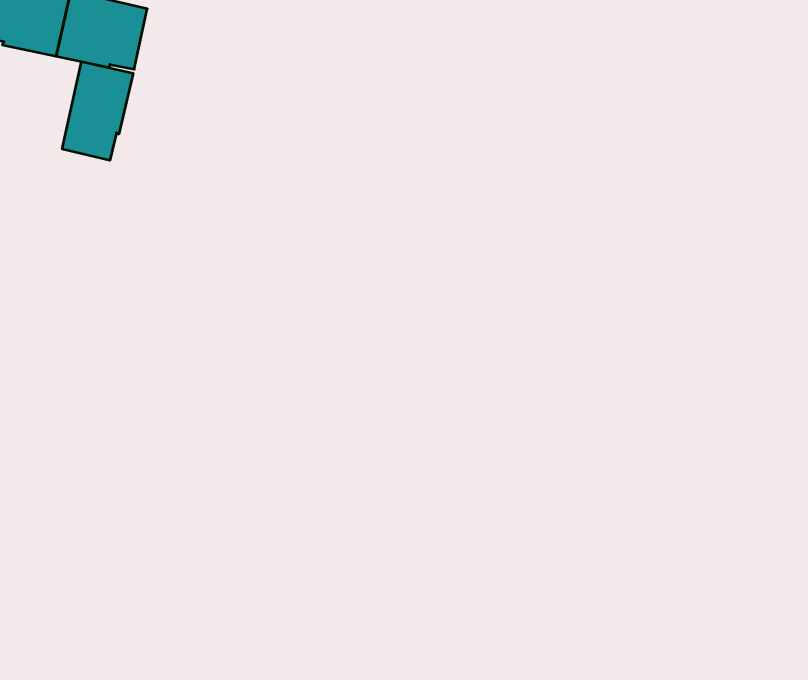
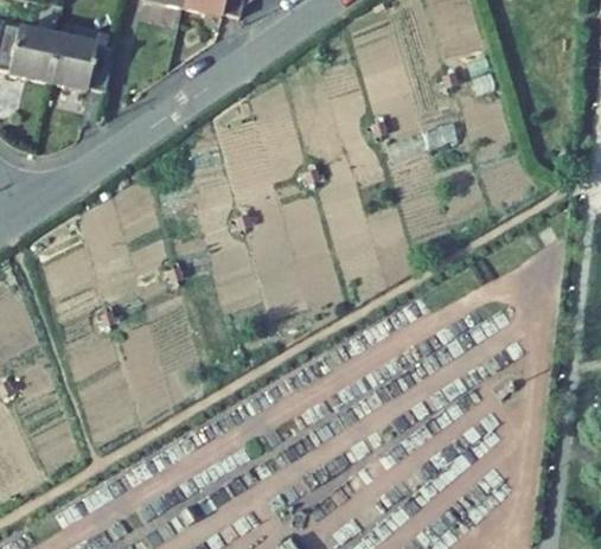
building: [62,62,133,160] -> none

